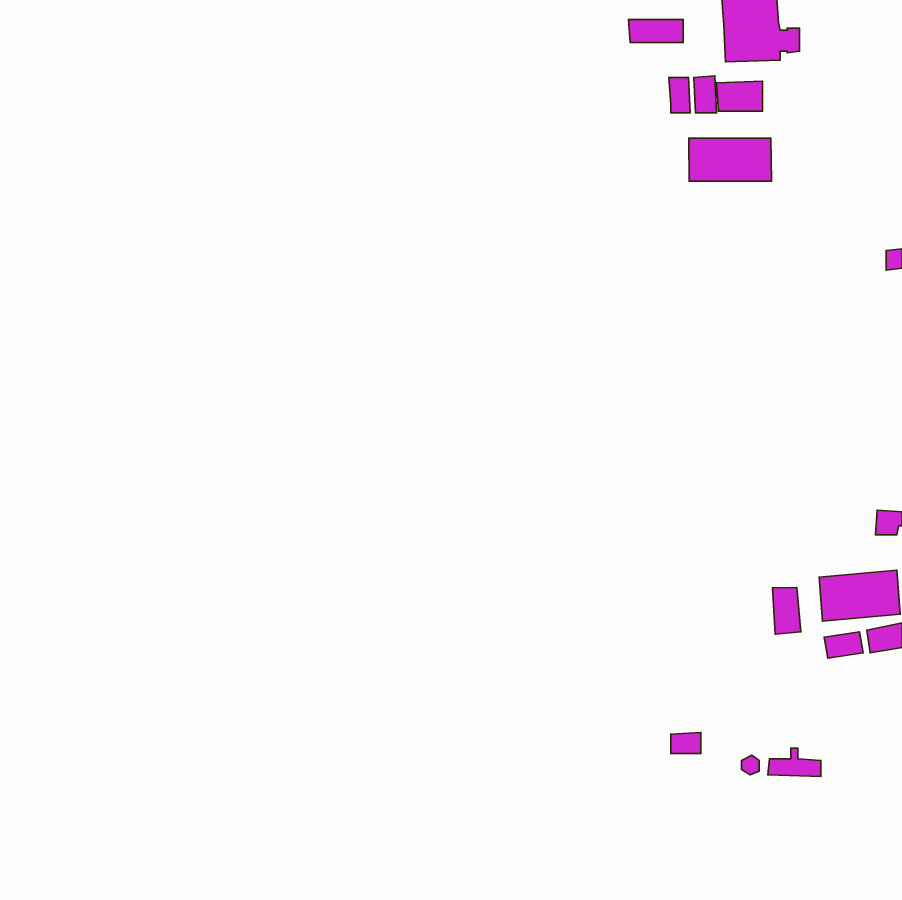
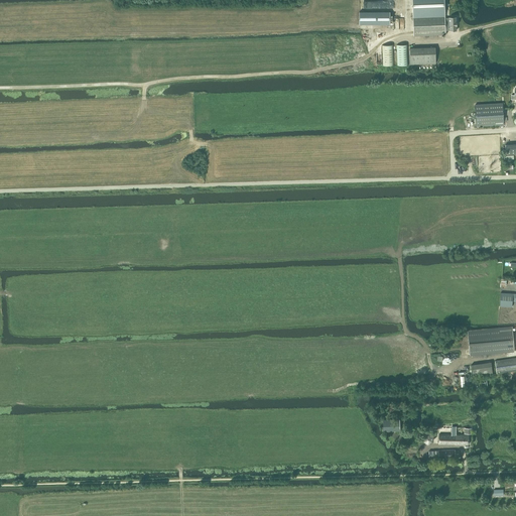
building: [689,138,771,181] -> none
building: none -> [475,102,504,125]
building: [772,587,801,634] -> none

